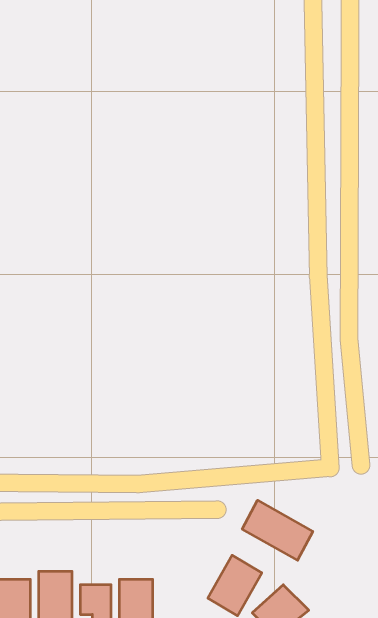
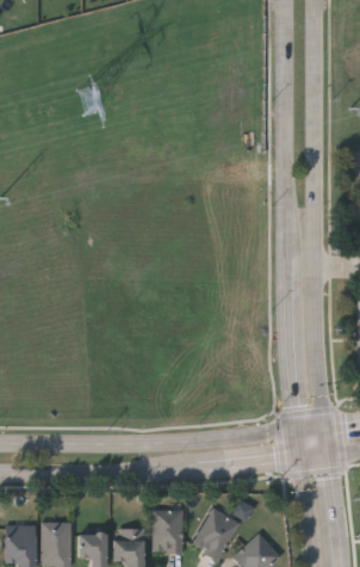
building: [242,500,313,560] -> none
building: none -> [153,511,182,553]

